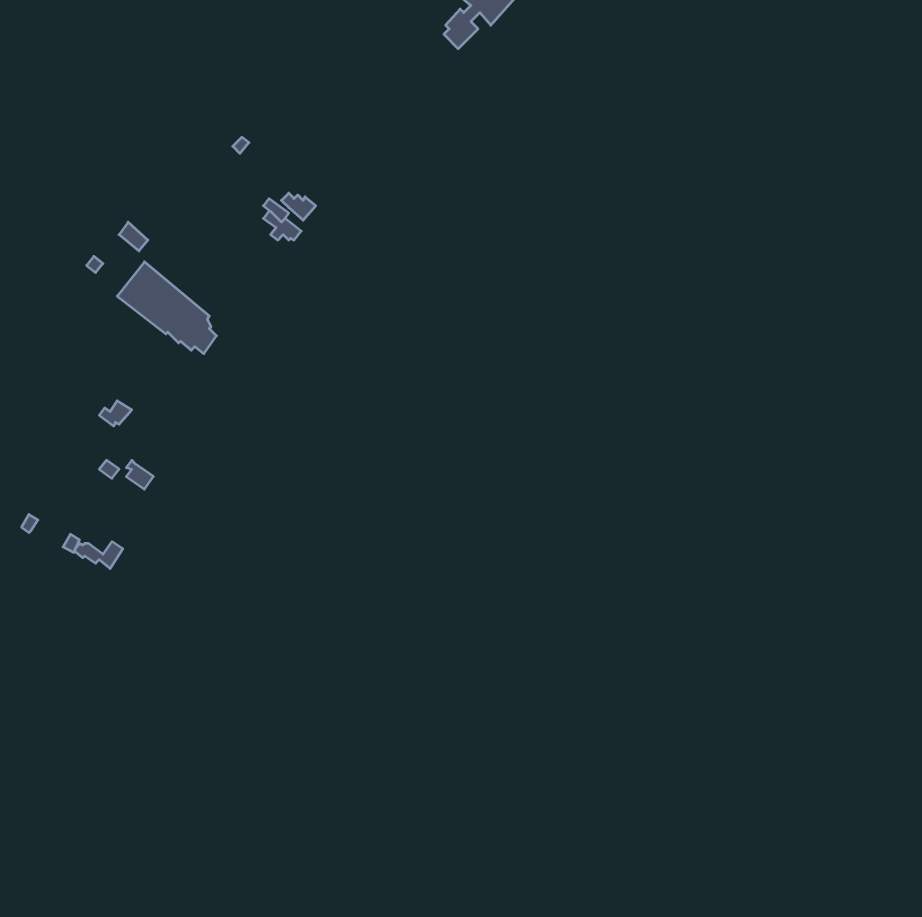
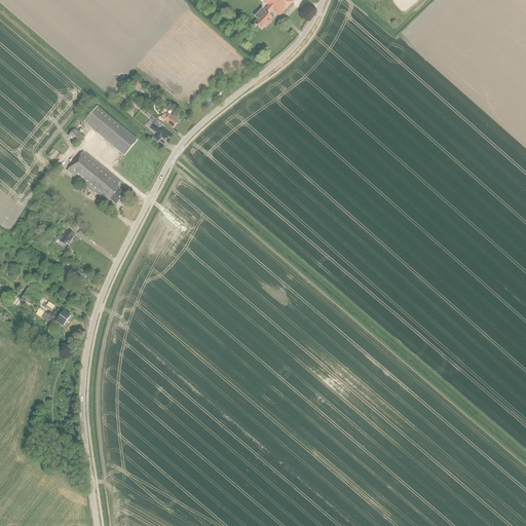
building: none -> [84,105,139,154]

